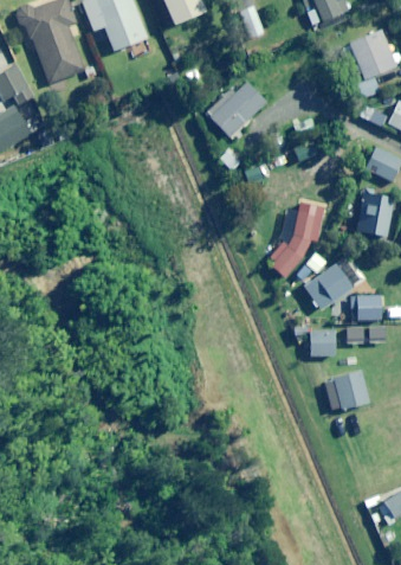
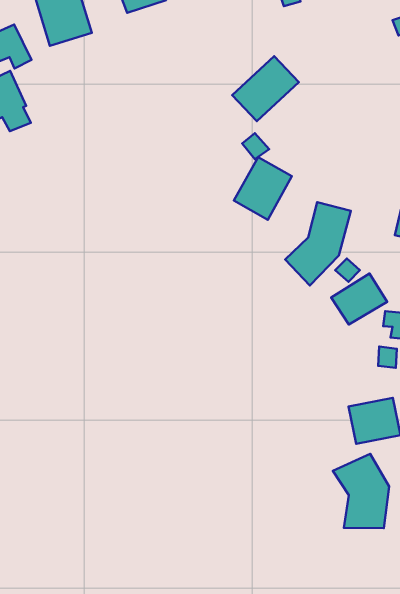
building: none -> [234,157,292,220]
building: [310,330,336,355] -> none
building: none -> [333,454,389,528]

